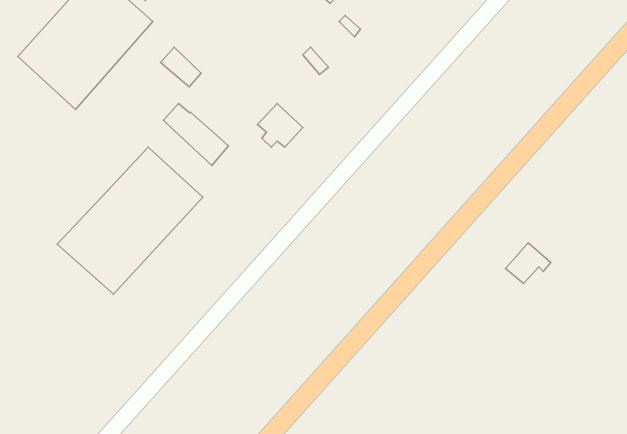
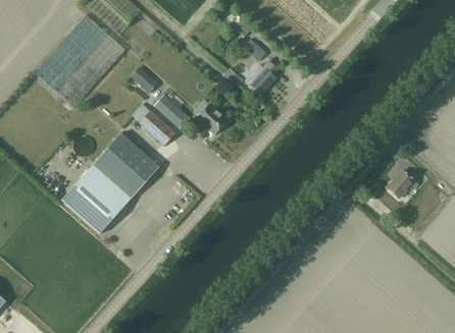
building: none -> [251,60,279,94]
building: none -> [154,93,190,127]
building: [505,243,551,284] -> [387,170,417,198]

